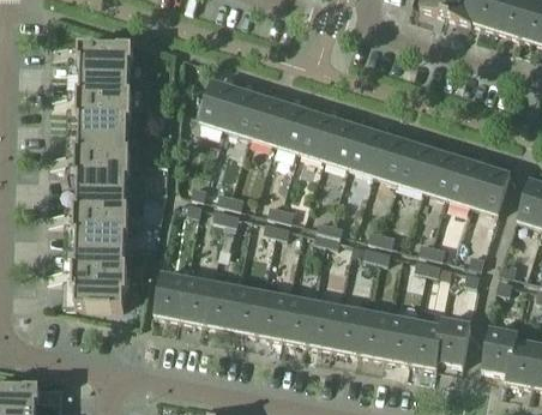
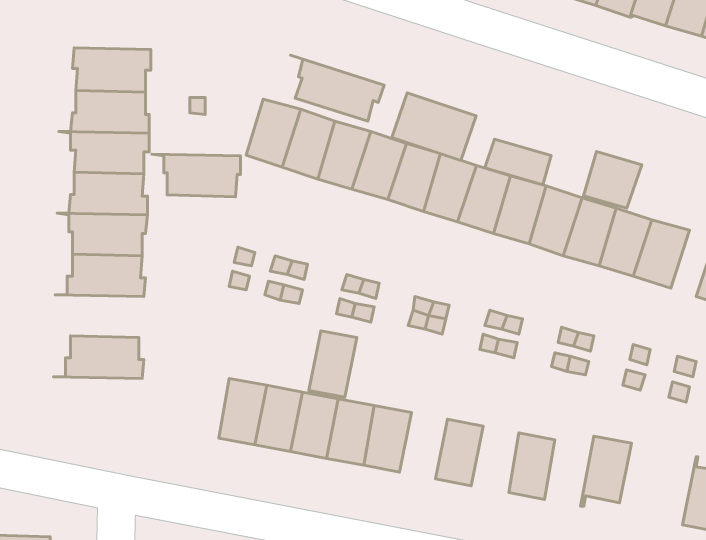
building: none -> [291,55,384,121]
building: none -> [392,93,476,160]
building: none -> [485,139,551,185]
building: none -> [584,152,642,208]
building: [66,218,128,248] -> [152,154,241,197]
building: [155,272,188,319] -> none
building: [65,276,127,307] -> none
building: [308,301,342,348] -> [309,331,357,397]
building: [359,311,392,357] -> none
building: [410,318,445,367] -> none
building: [482,326,517,380] -> none

